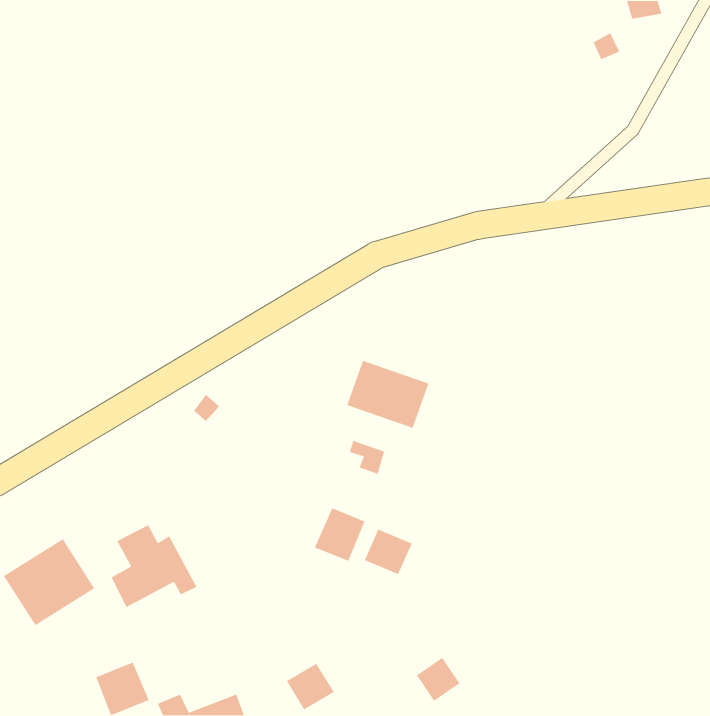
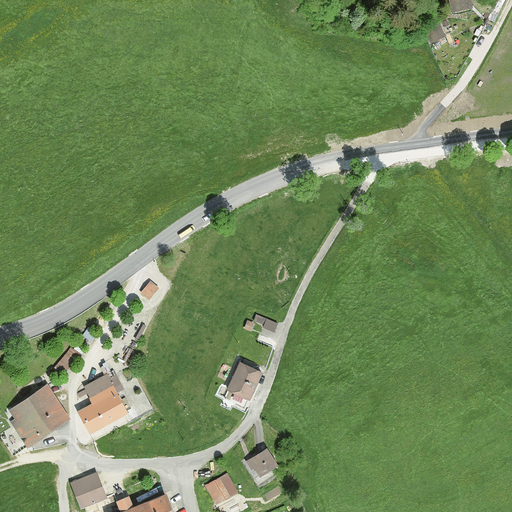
building: [346,360,429,429] -> none
building: [364,529,413,575] -> none
building: [416,657,461,702] -> [247,450,279,482]

